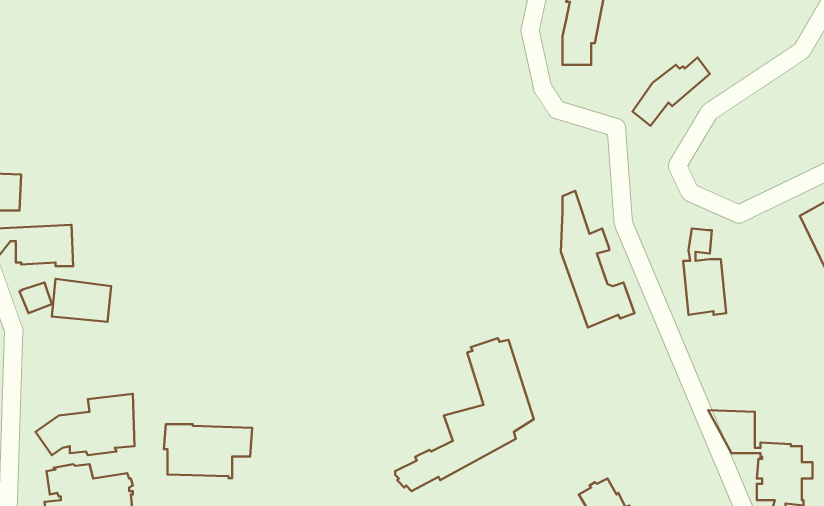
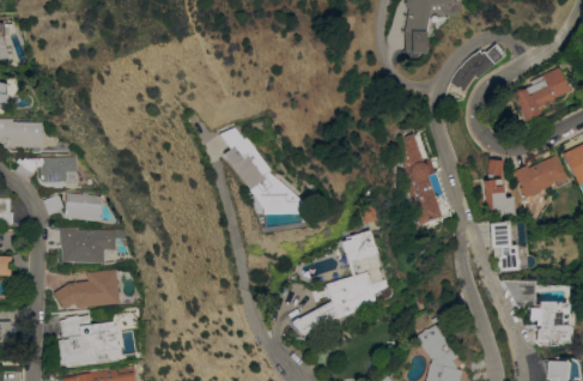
building: none -> [511,67,571,121]
building: none -> [218,127,298,214]
building: none -> [516,156,569,199]
building: none -> [488,222,517,272]
building: [164,424,252,478] -> [60,229,119,265]

